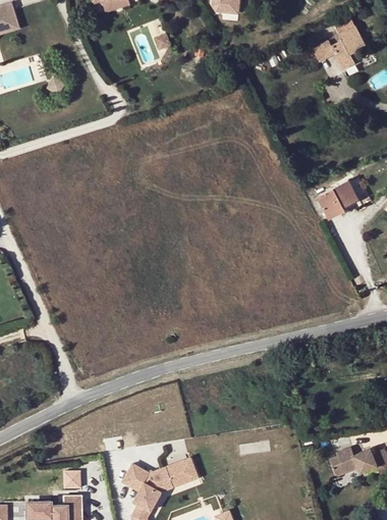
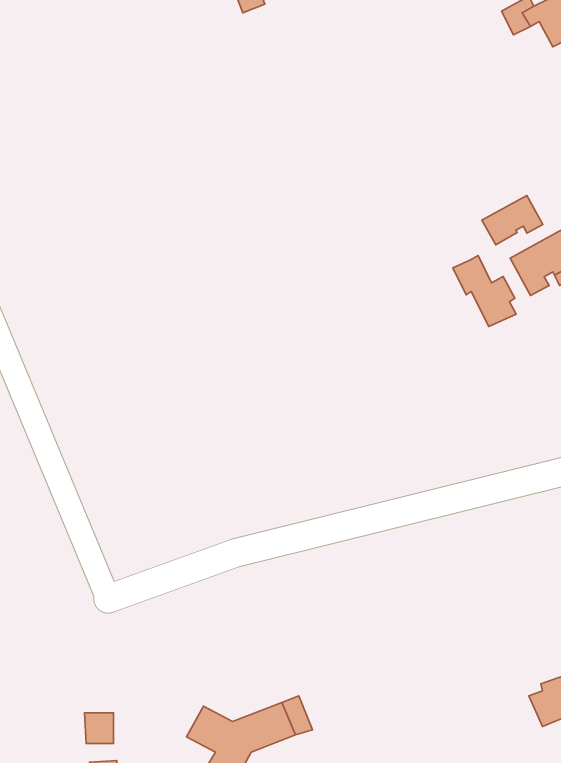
building: none -> [482,195,543,245]
building: none -> [453,255,516,326]

